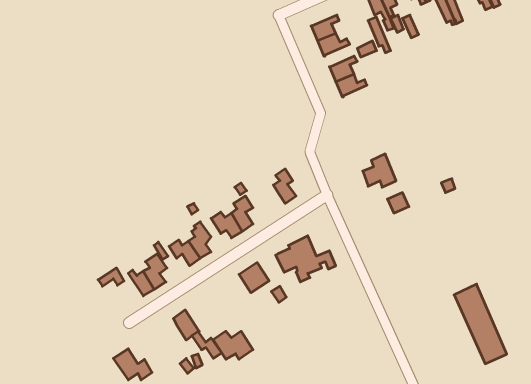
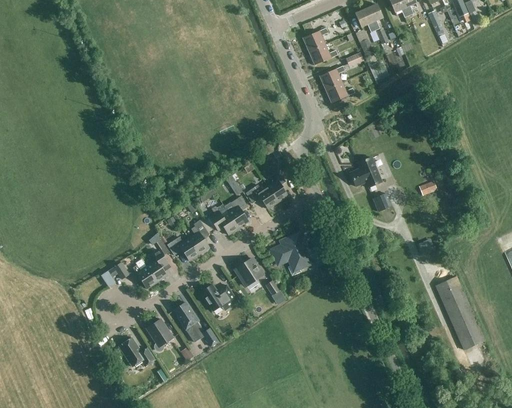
building: none -> [245,184,278,208]
building: none -> [146,318,173,350]
building: [213,331,253,359] -> [200,284,237,310]

